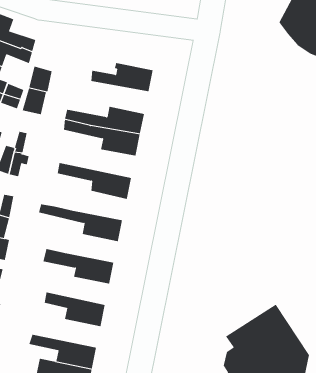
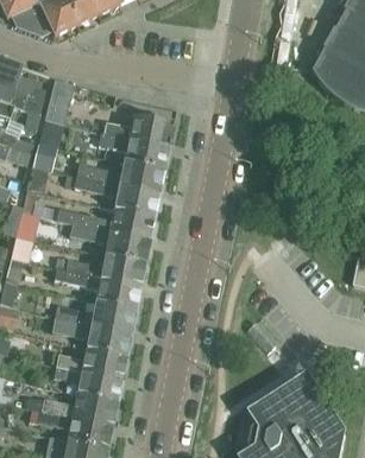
building: none -> [44,77,75,122]
building: none -> [100,132,170,168]
building: none -> [57,208,156,238]
building: none -> [67,253,146,285]
building: none -> [57,300,137,331]
building: none -> [57,346,127,377]
building: none -> [42,393,118,424]

